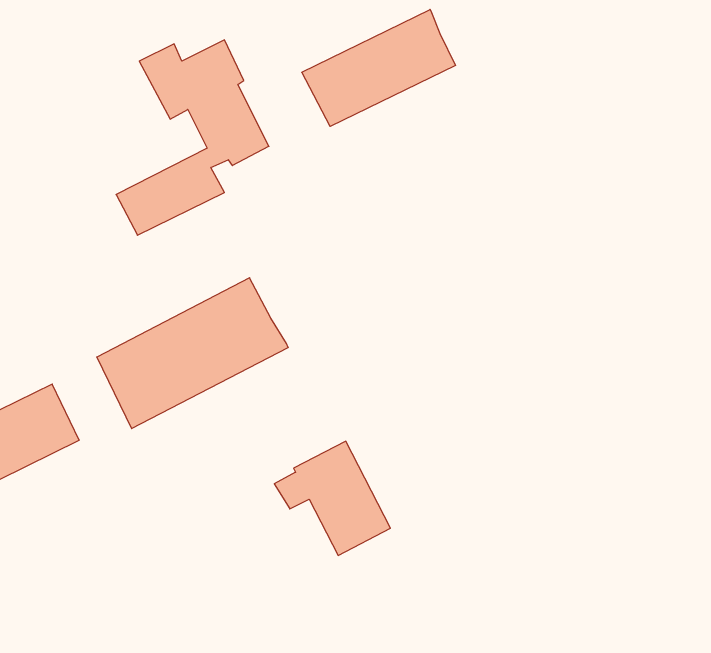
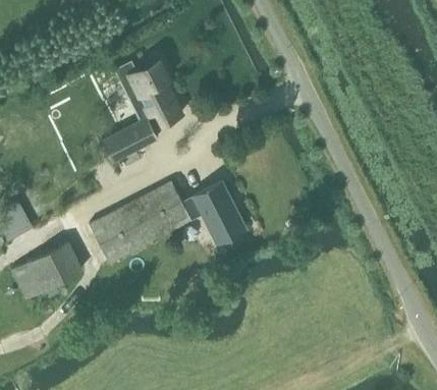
building: [302,9,455,126] -> none
building: [274,441,390,555] -> [182,182,243,242]

